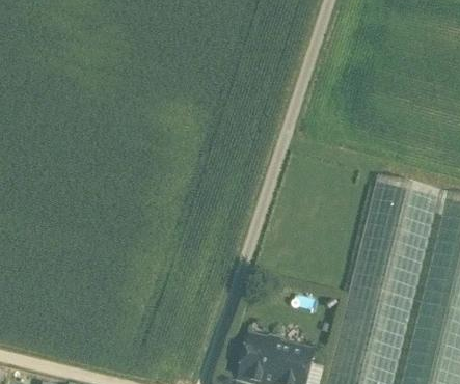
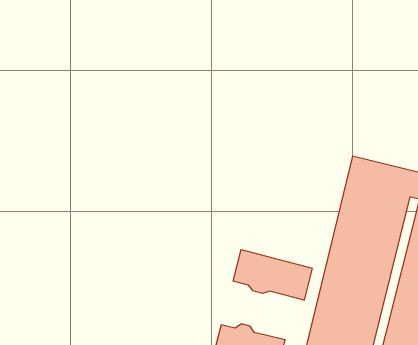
building: none -> [233,250,312,300]

